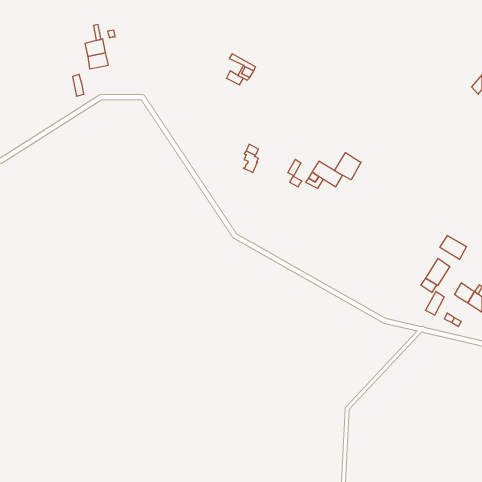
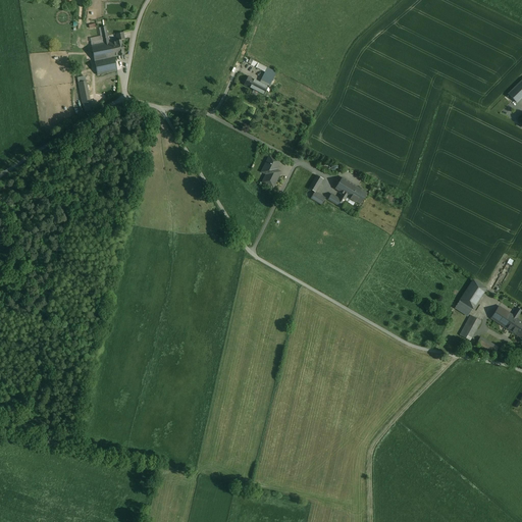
building: [335,153,361,180] -> none
building: [440,235,466,259] -> none

